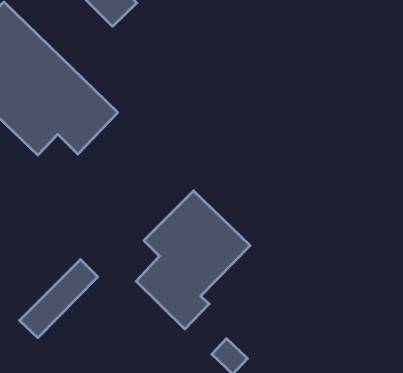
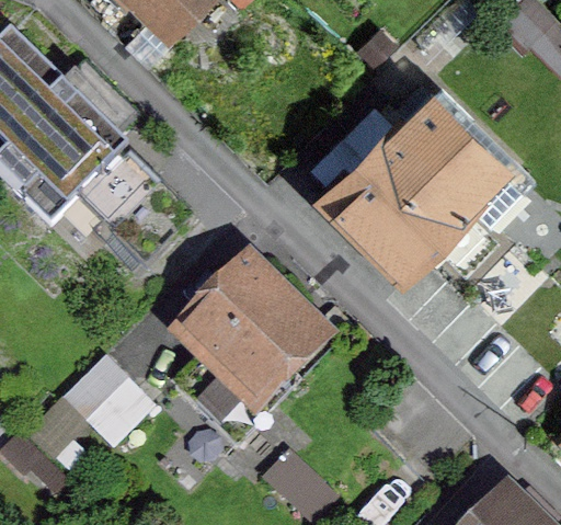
building: none -> [317,94,506,262]

